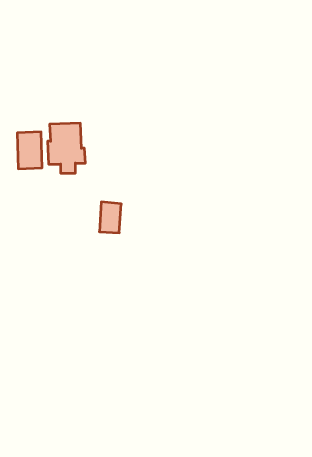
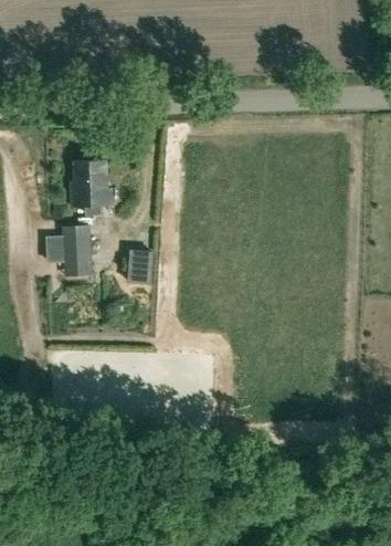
building: [17,132,42,169] -> [63,232,91,273]

